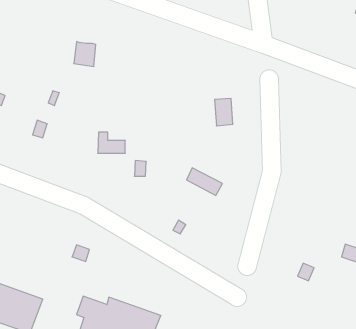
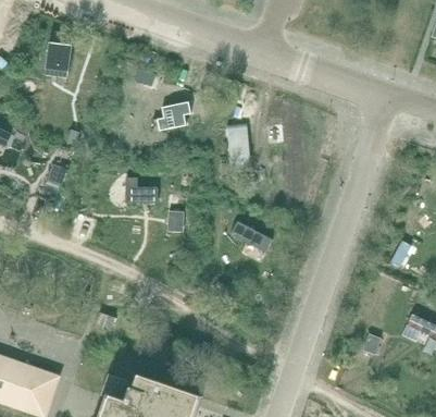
building: [74,42,96,66] -> [45,42,71,72]
building: none -> [157,100,190,130]
building: [215,98,233,126] -> [226,124,248,157]

